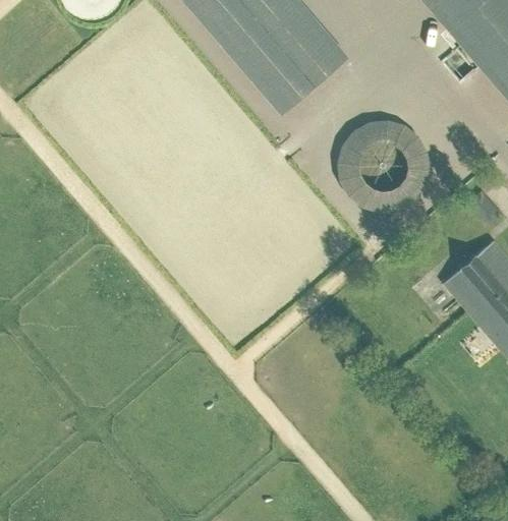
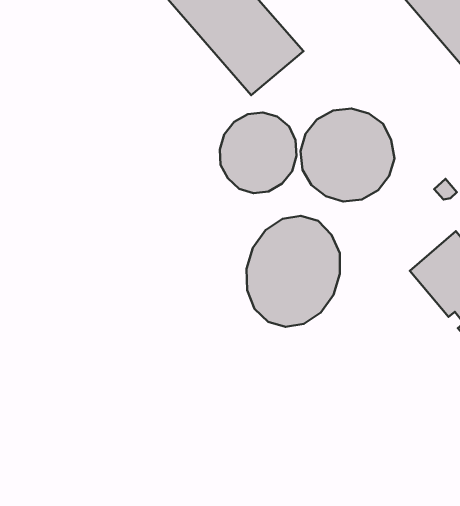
building: none -> [220,112,297,193]
building: none -> [247,216,340,327]

